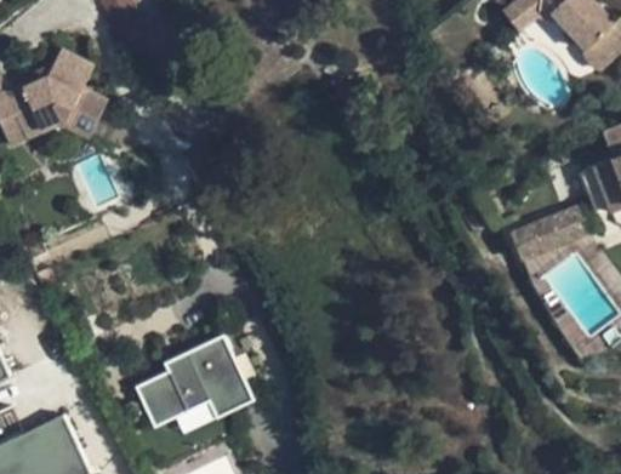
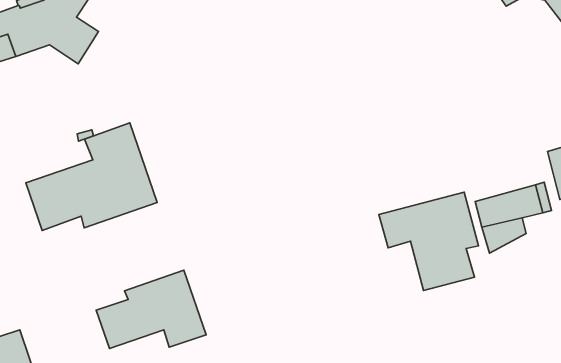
building: none -> [26,123,157,230]
building: none -> [379,192,478,290]

